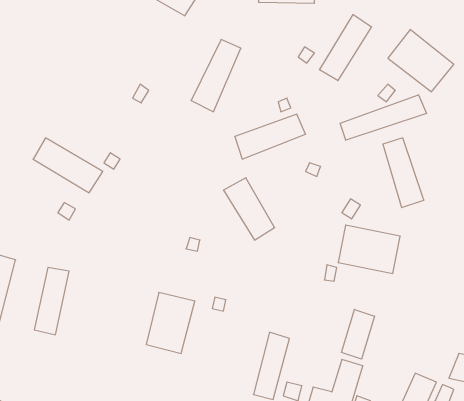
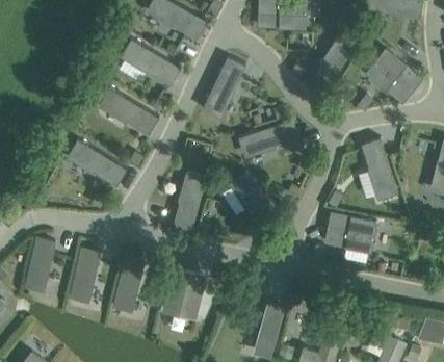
building: none -> [124,41,180,84]
building: none -> [102,90,158,134]
building: [340,95,426,140] -> none
building: none -> [172,172,206,233]
building: none -> [114,258,143,314]
building: [342,309,374,359] -> none

